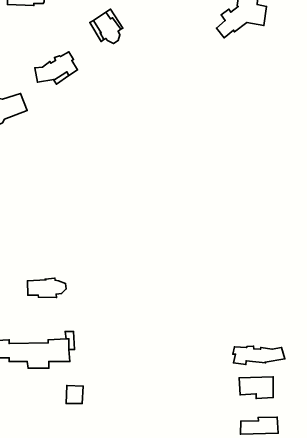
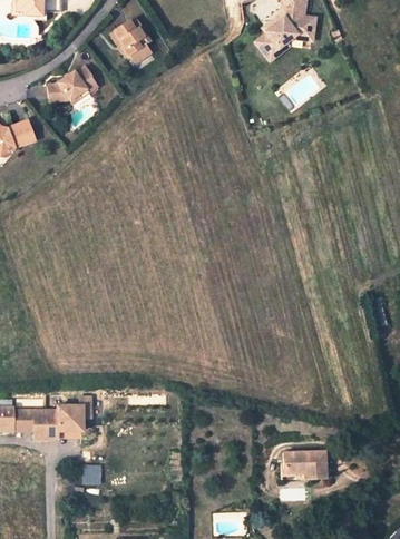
building: [28,278,66,297] -> none
building: [233,346,285,364] -> none
building: [241,417,278,434] -> none

